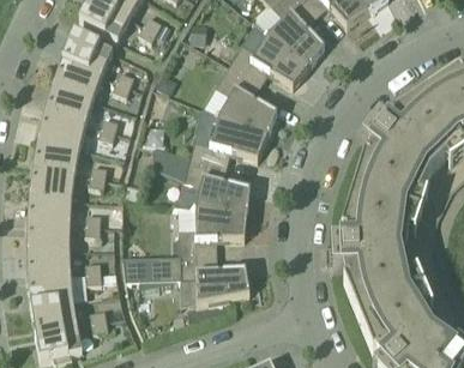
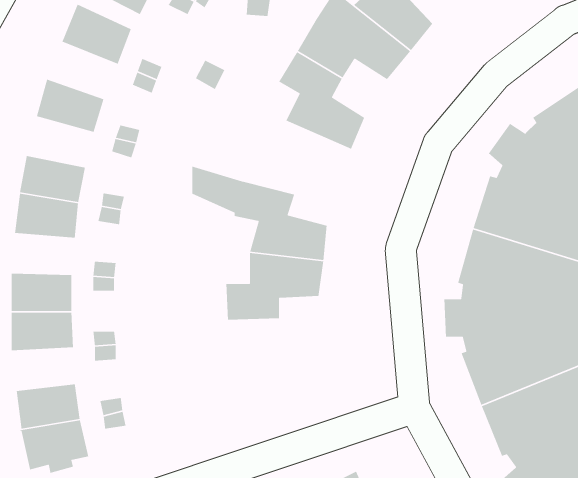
building: [52,59,102,99] -> none
building: [37,111,85,147] -> none
building: [189,115,266,167] -> none
building: [25,194,72,223] -> none
building: [123,254,248,307] -> none
building: [25,275,72,304] -> none

